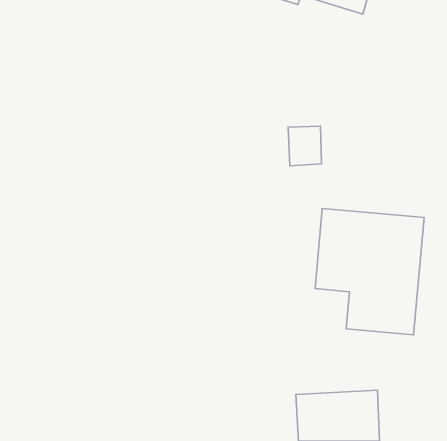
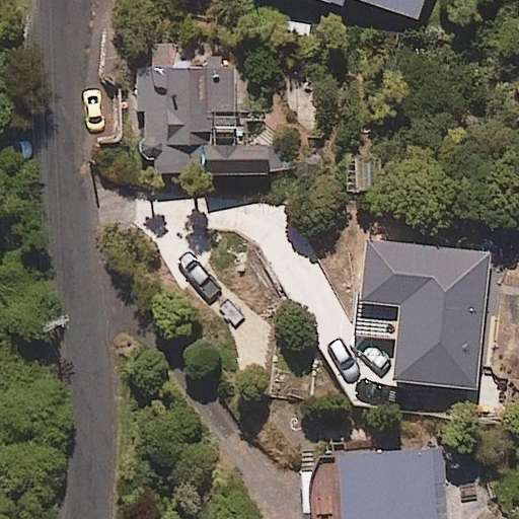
building: none -> [128,64,271,176]

